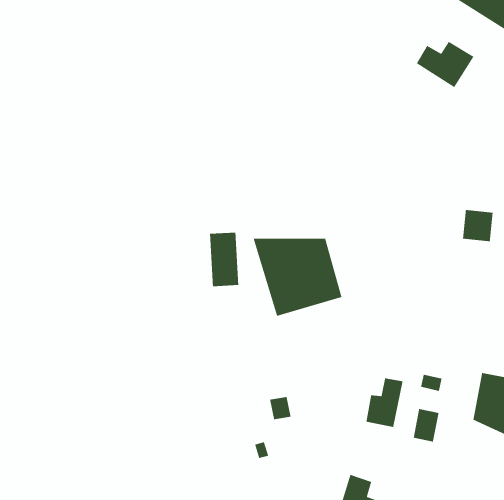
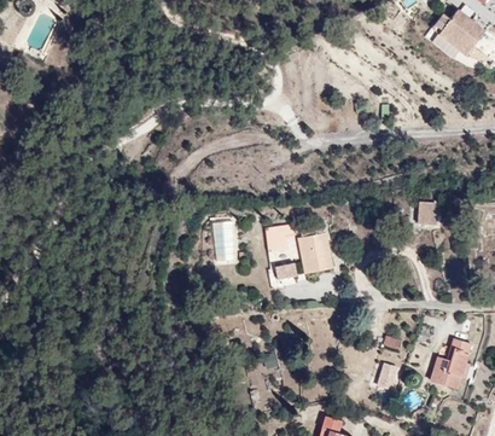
building: [416,41,474,88] -> none
building: [365,378,403,428] -> none

